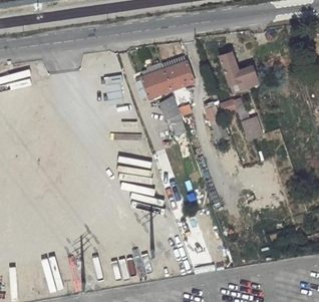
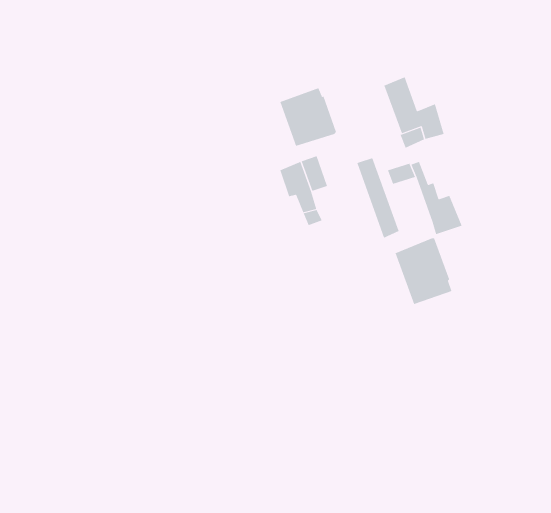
building: [136,62,171,99] -> none
building: none -> [395,237,452,305]

